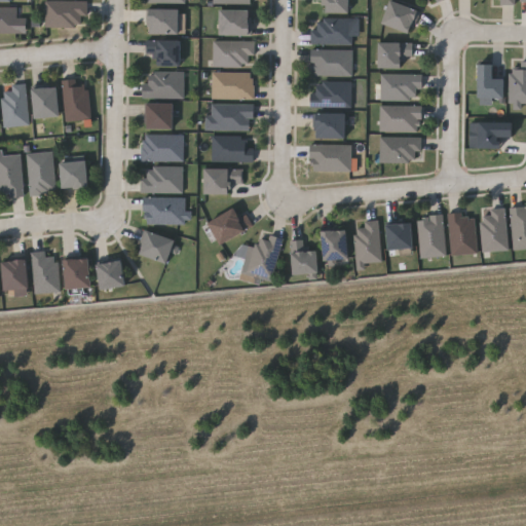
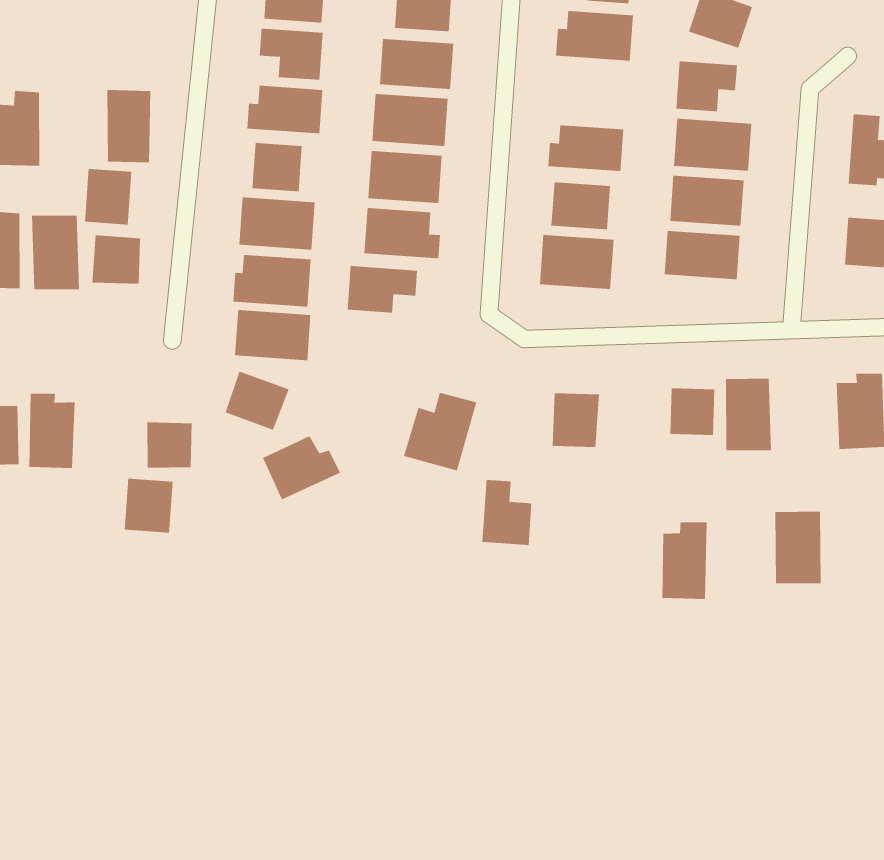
building: [312,50,352,76] -> none
building: [34,88,59,118] -> [84,169,132,225]
building: [209,208,253,245] -> [262,435,341,500]
building: [448,213,477,255] -> [775,511,821,584]
building: [354,220,381,264] -> [662,522,708,599]
building: [292,239,318,274] -> [481,480,532,545]
building: [65,259,90,288] -> [124,478,173,533]

